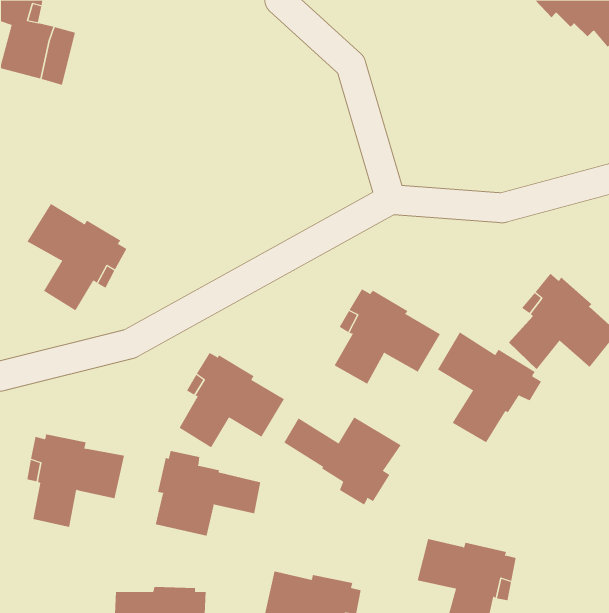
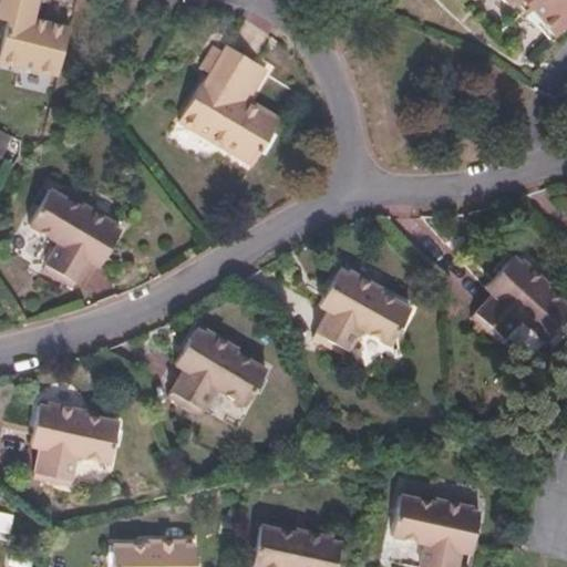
building: none -> [181,45,281,164]
building: [437,331,542,443] -> none
building: [283,417,401,505] -> none
building: [155,450,261,537] -> none

